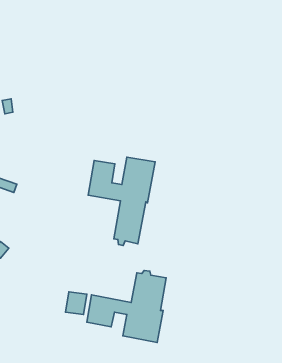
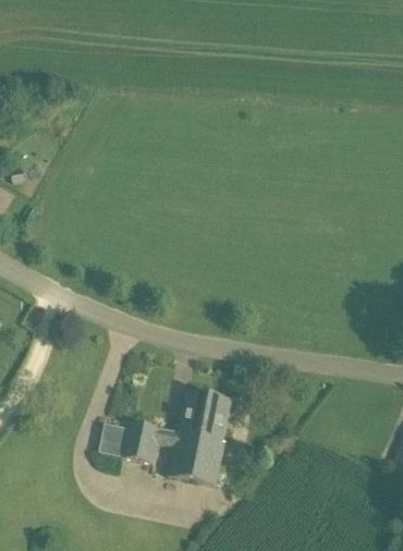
building: [88,157,155,246] -> none

